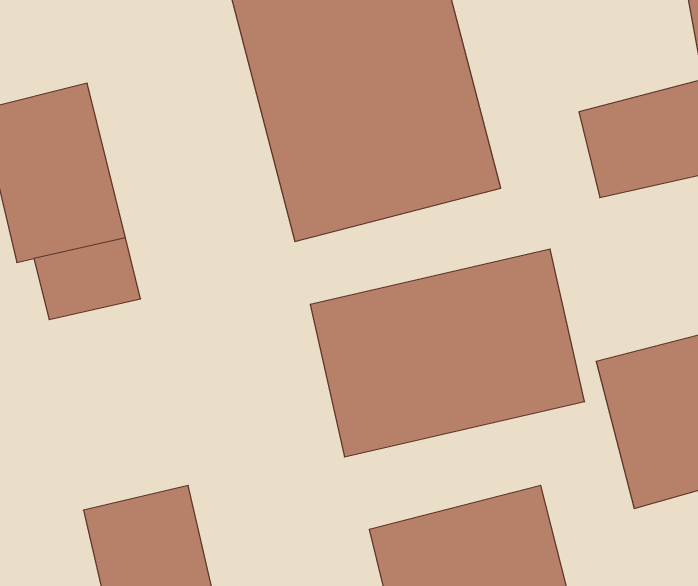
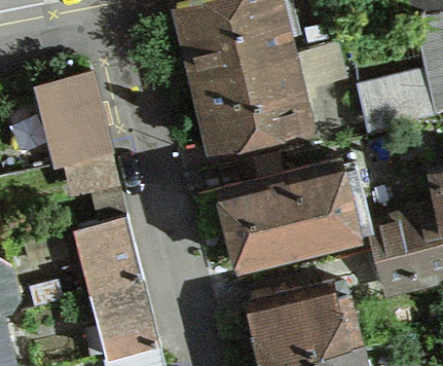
building: none -> [75,223,147,300]

